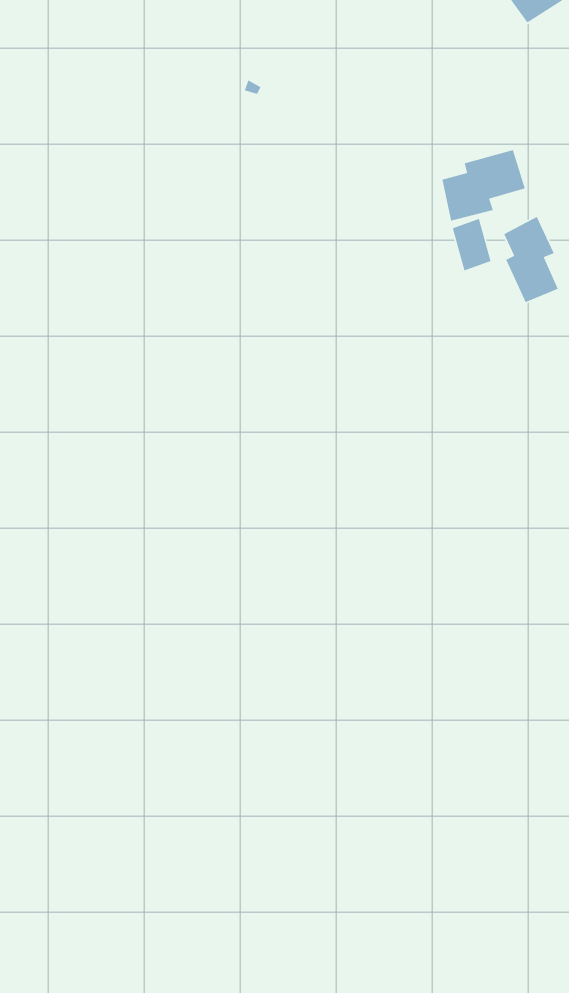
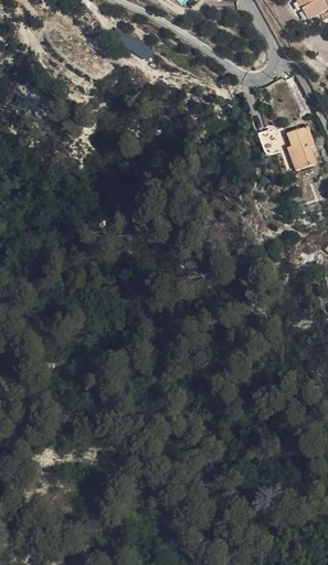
building: [441,149,526,222] -> none

